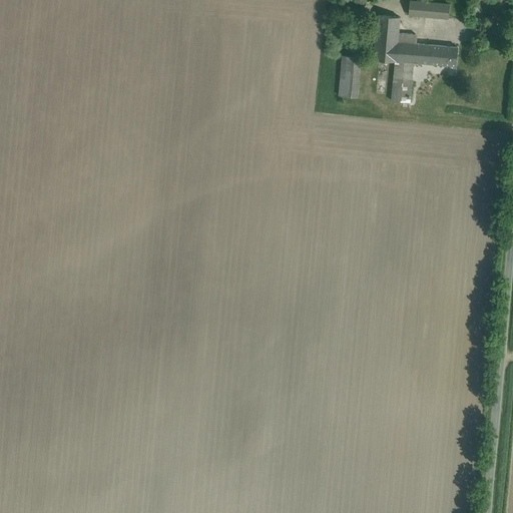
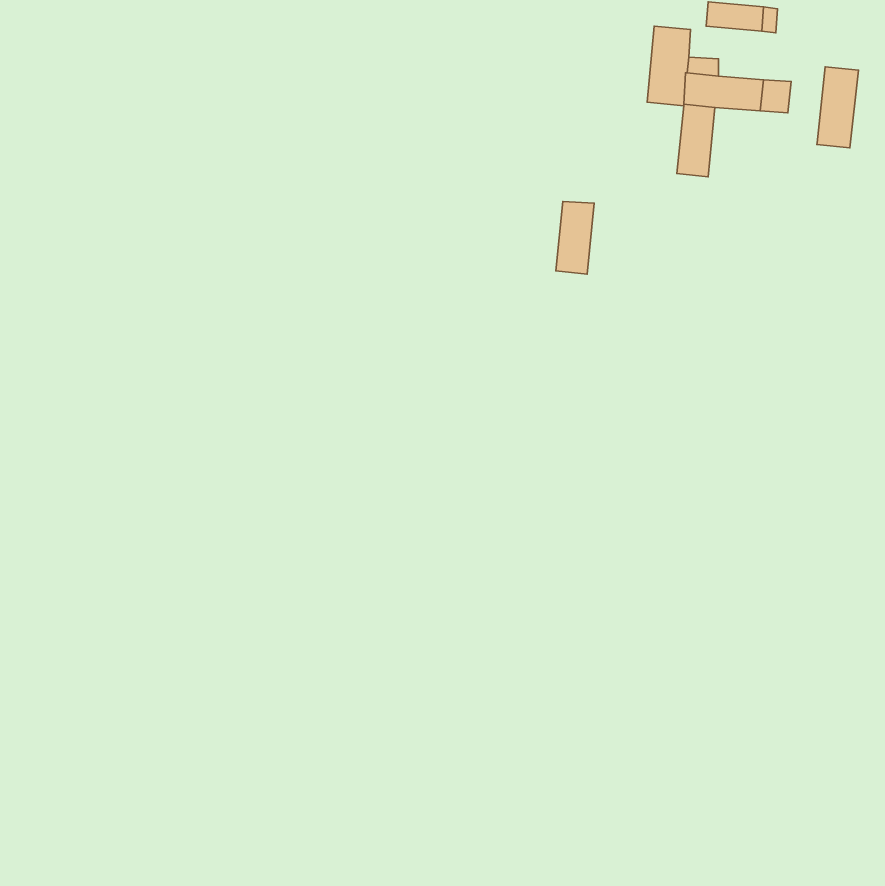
building: none -> [817,67,859,148]
building: [338,55,360,97] -> [556,201,594,274]

